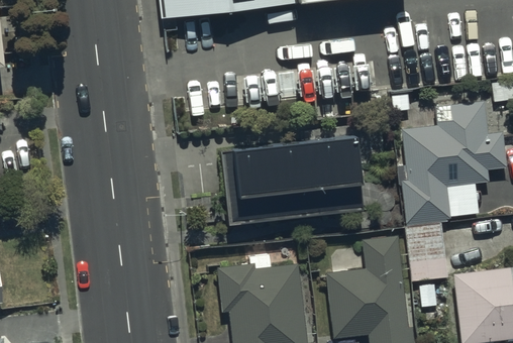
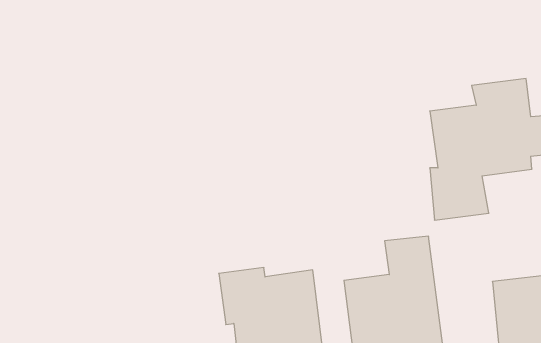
building: [222,135,365,223] -> none
building: [406,226,448,284] -> none

